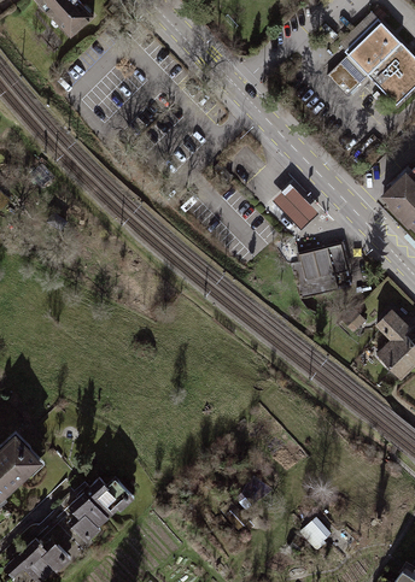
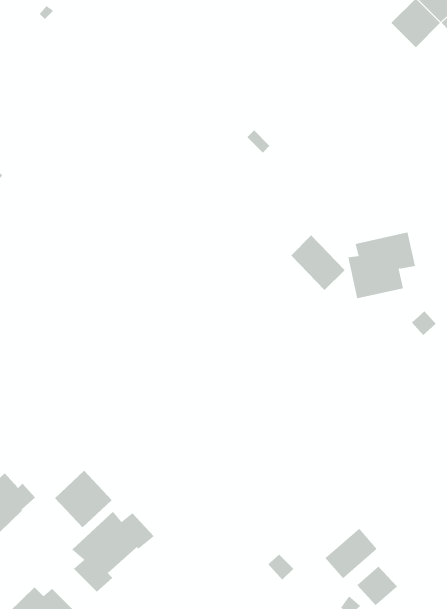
building: [271,184,316,230] -> [291,235,345,291]
building: none -> [54,470,112,528]
building: none -> [325,528,377,579]

